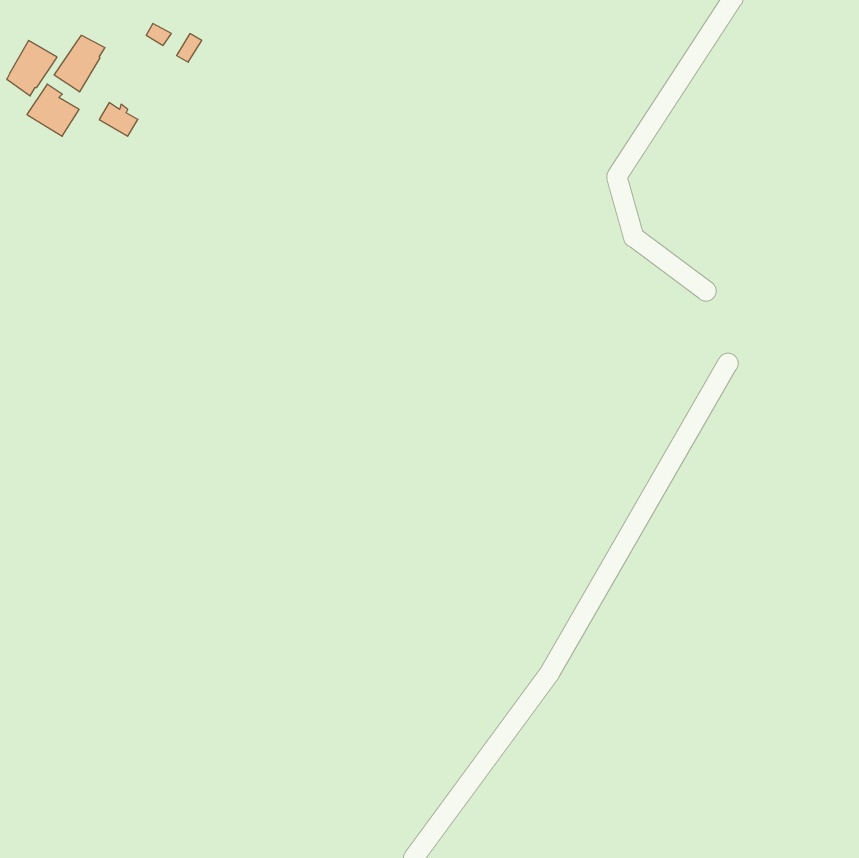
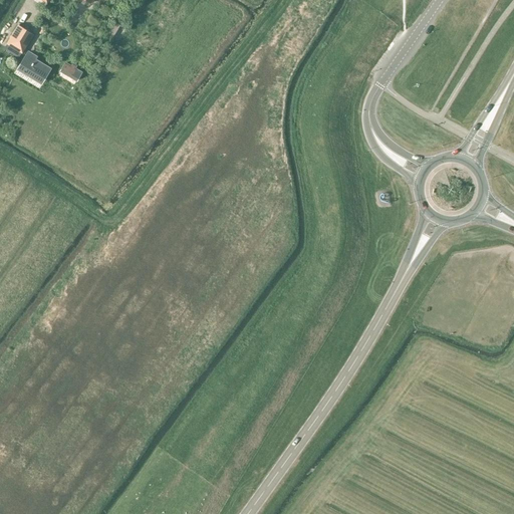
building: [54,35,105,92] -> none

